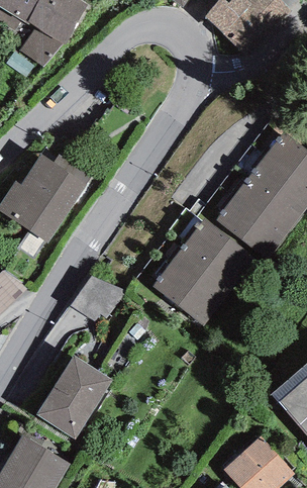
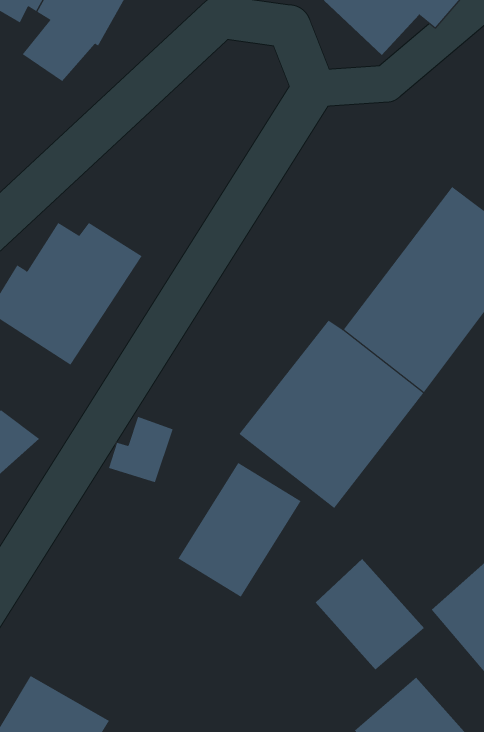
building: [36,355,113,438] -> [178,462,301,597]
building: none -> [315,558,425,671]

